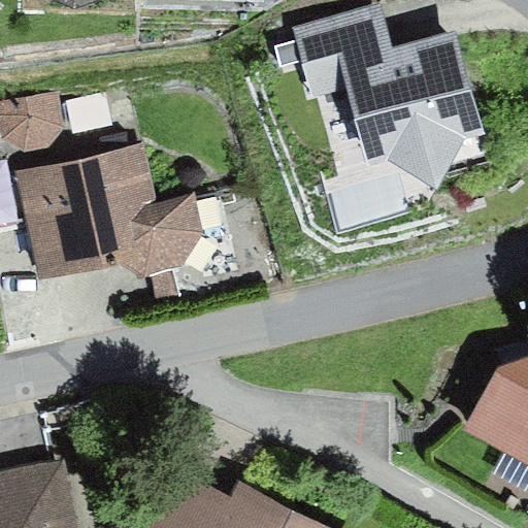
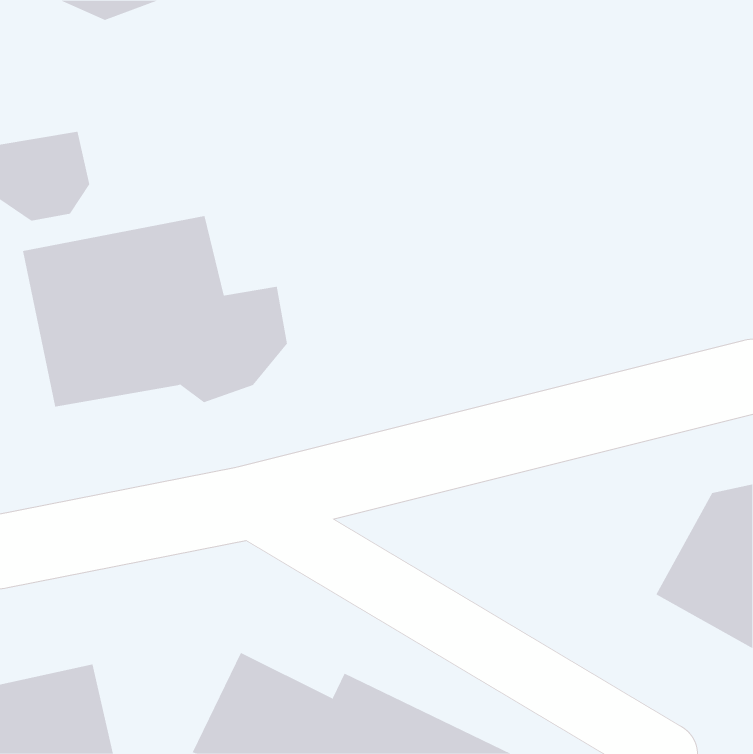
building: [292,5,486,194] -> none

